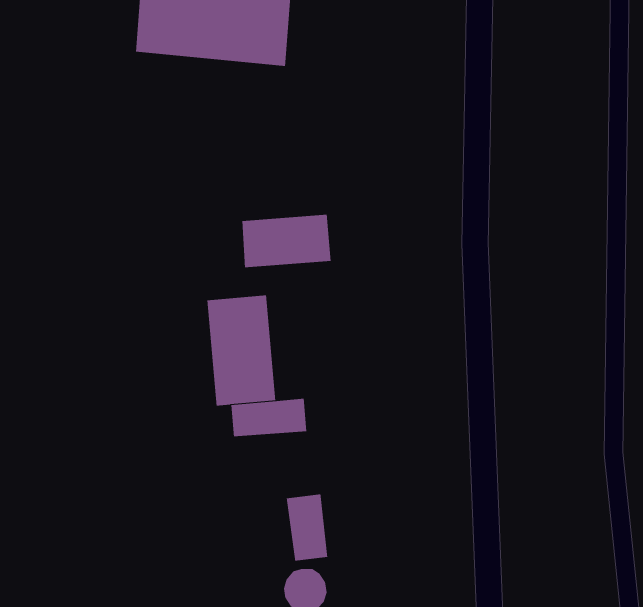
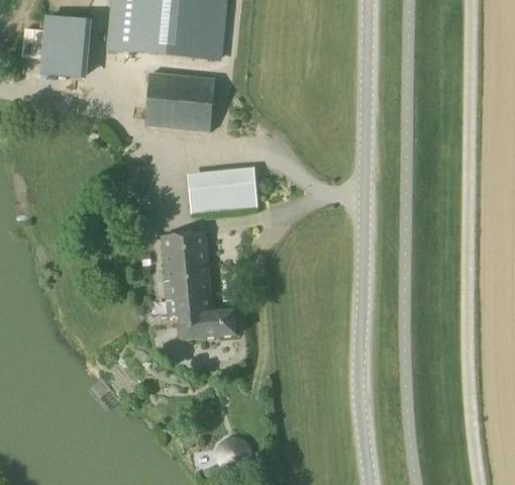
building: none -> [47,15,92,68]
building: none -> [145,72,215,131]
building: [286,493,328,561] -> none

